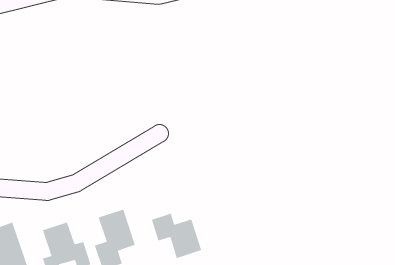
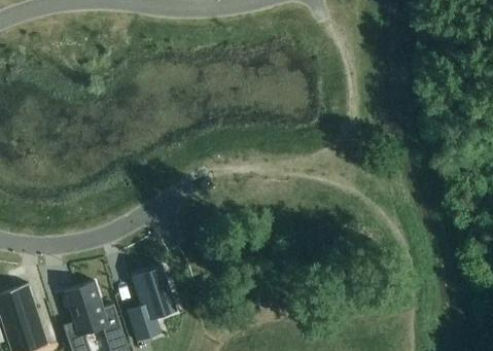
building: [151,213,202,259] -> none

